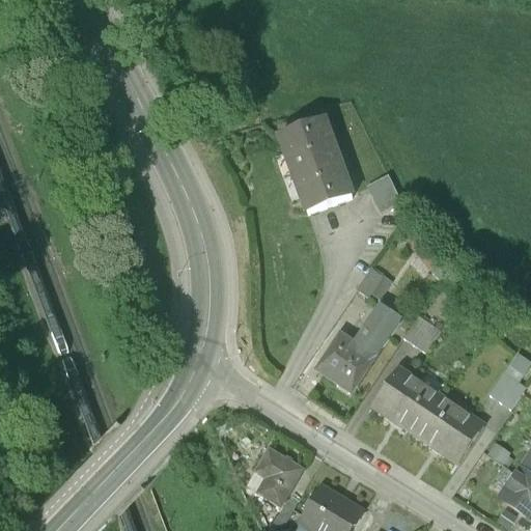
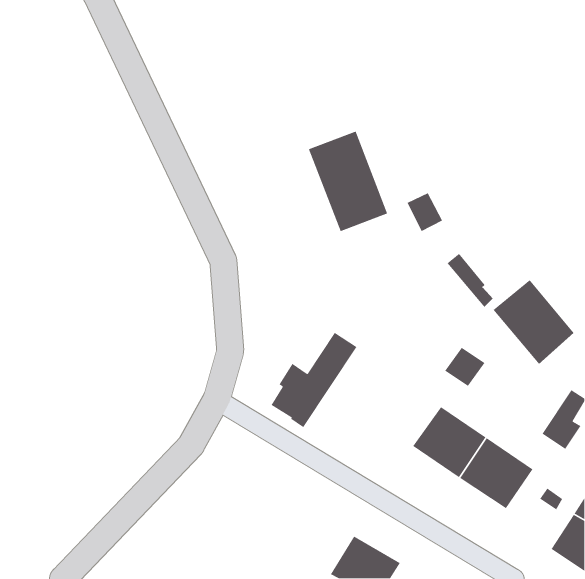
building: none -> [492,279,575,365]
building: [356,264,391,298] -> none
building: [320,305,399,392] -> [270,332,357,428]
building: [255,449,302,506] -> none

